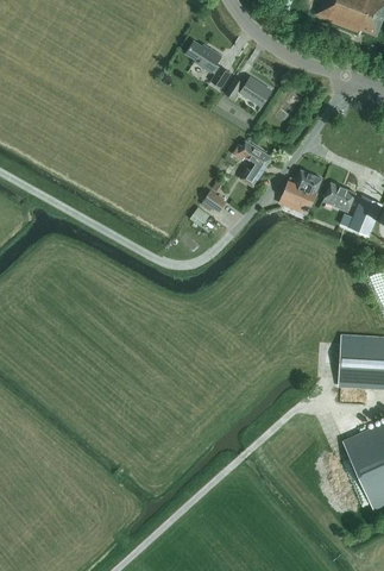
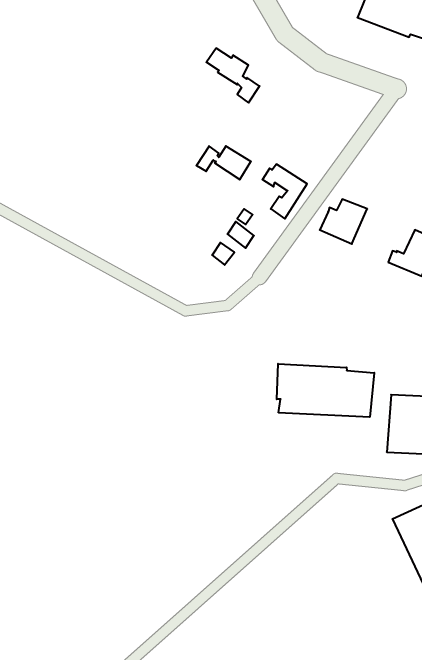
building: [225,77,271,106] -> [196,146,251,180]
building: [322,182,355,212] -> none
building: none -> [277,364,374,417]

